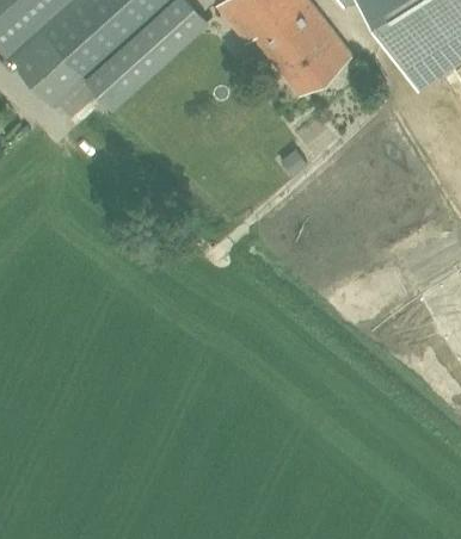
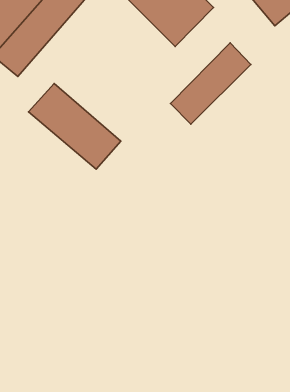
building: none -> [170,43,251,124]
building: none -> [29,84,121,169]

